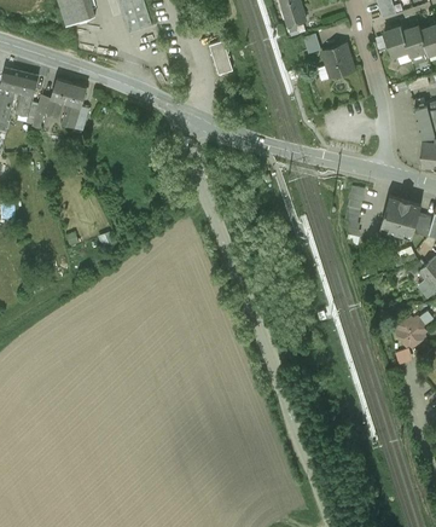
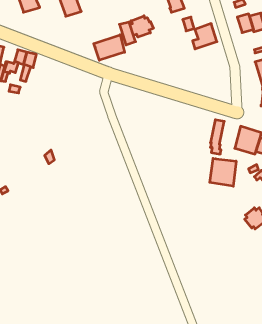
building: none -> [130,16,153,37]
building: none -> [94,35,125,60]
building: none -> [210,158,236,186]

